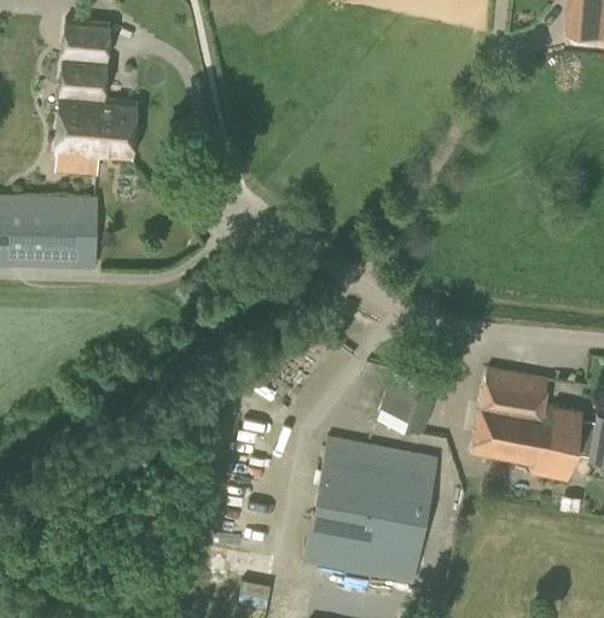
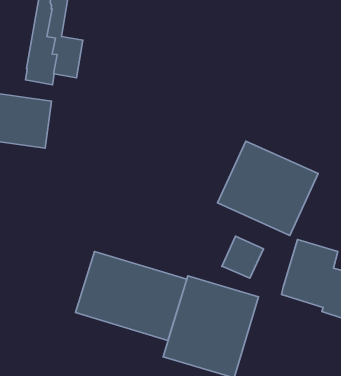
building: none -> [217,141,318,236]
building: none -> [76,251,187,340]

